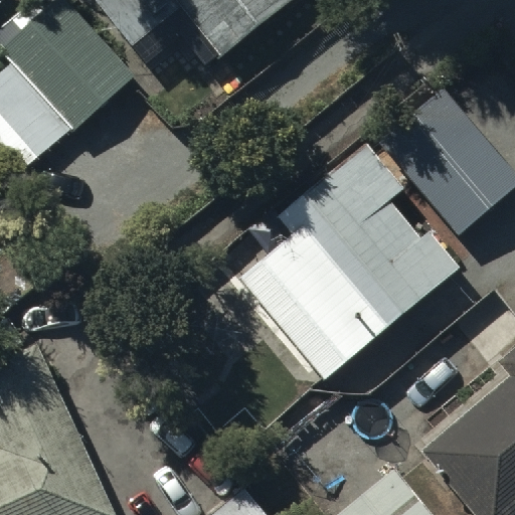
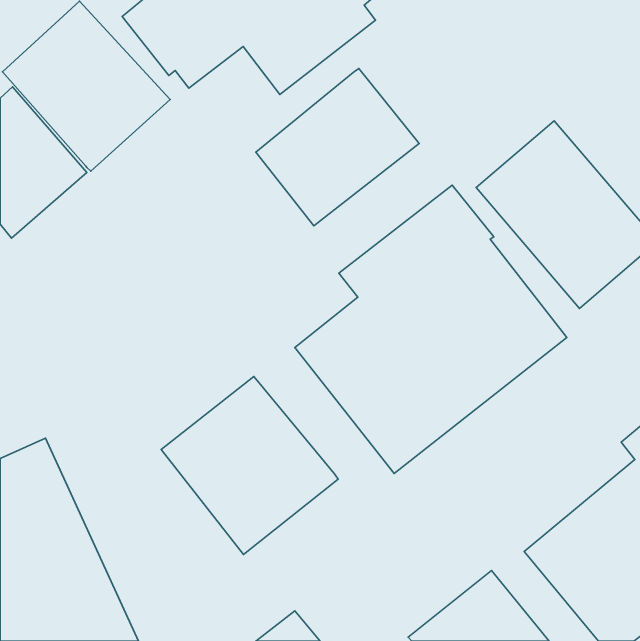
building: none -> [256,68,419,226]
building: none -> [161,377,338,555]

